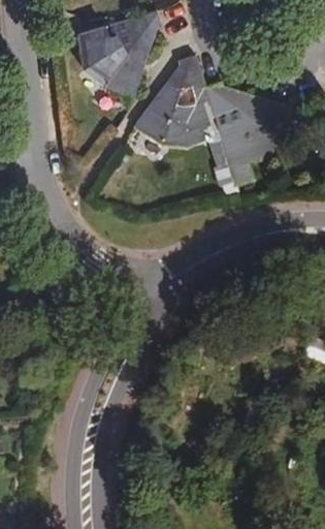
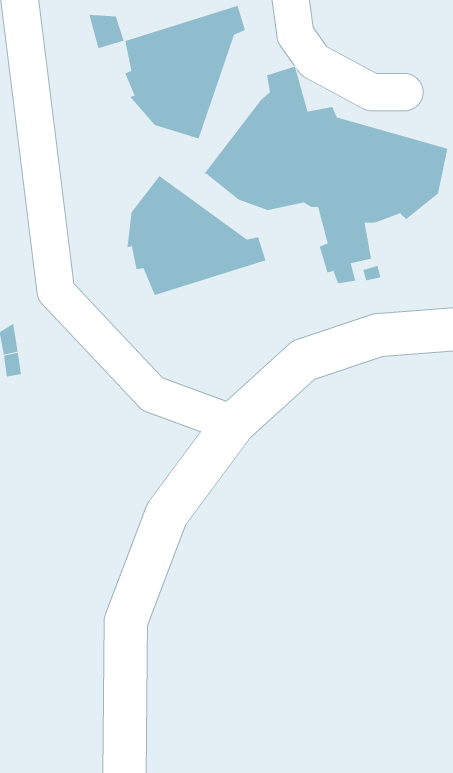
building: none -> [127,175,266,296]

